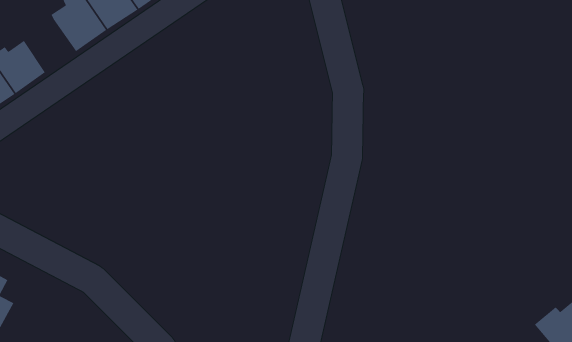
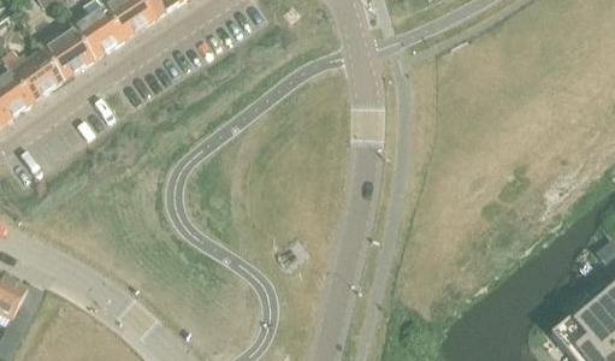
building: none -> [37,29,93,82]

